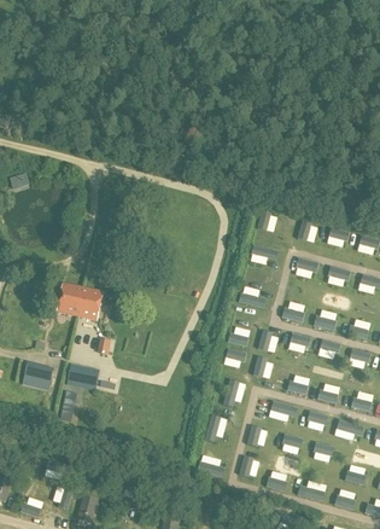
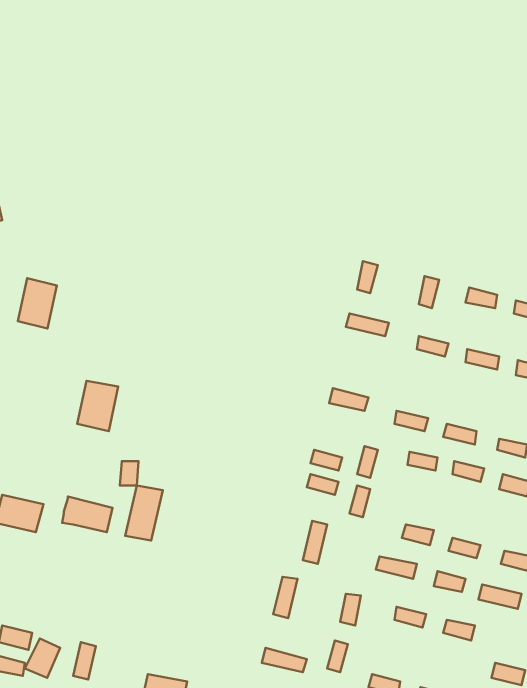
building: [58,283,83,315] -> [18,278,57,329]
building: none -> [125,485,163,540]

